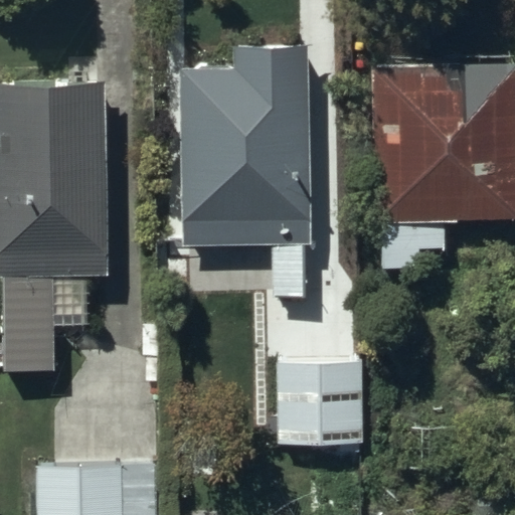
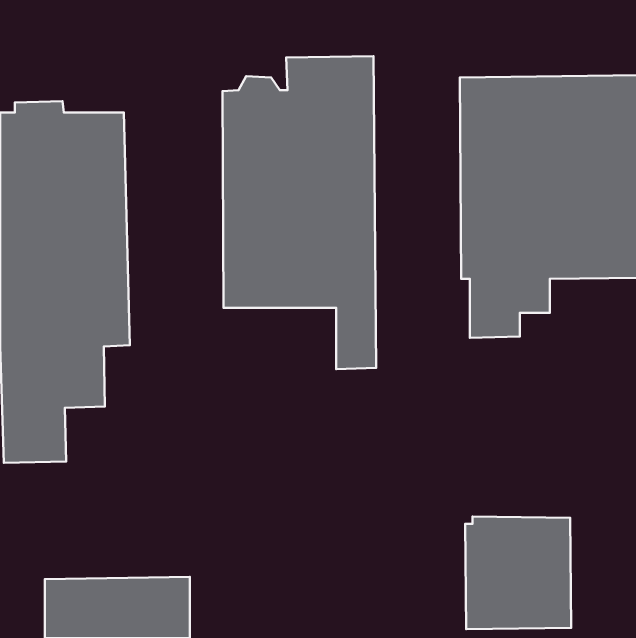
building: [276,355,361,446] -> [465,516,571,629]

